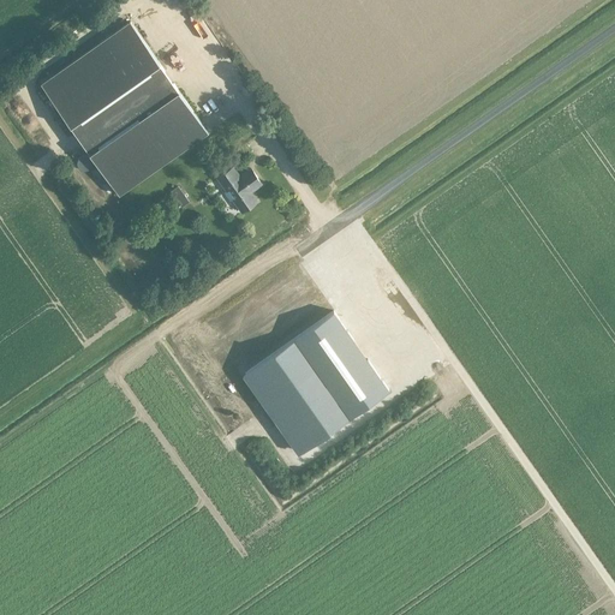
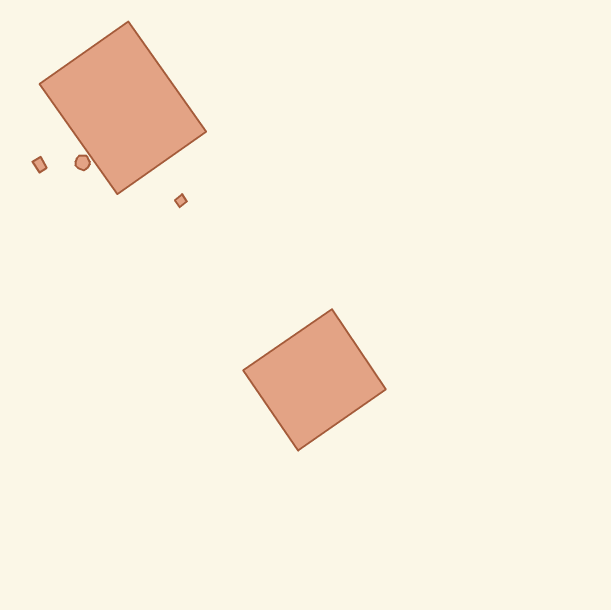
building: [216,169,261,213] -> none

